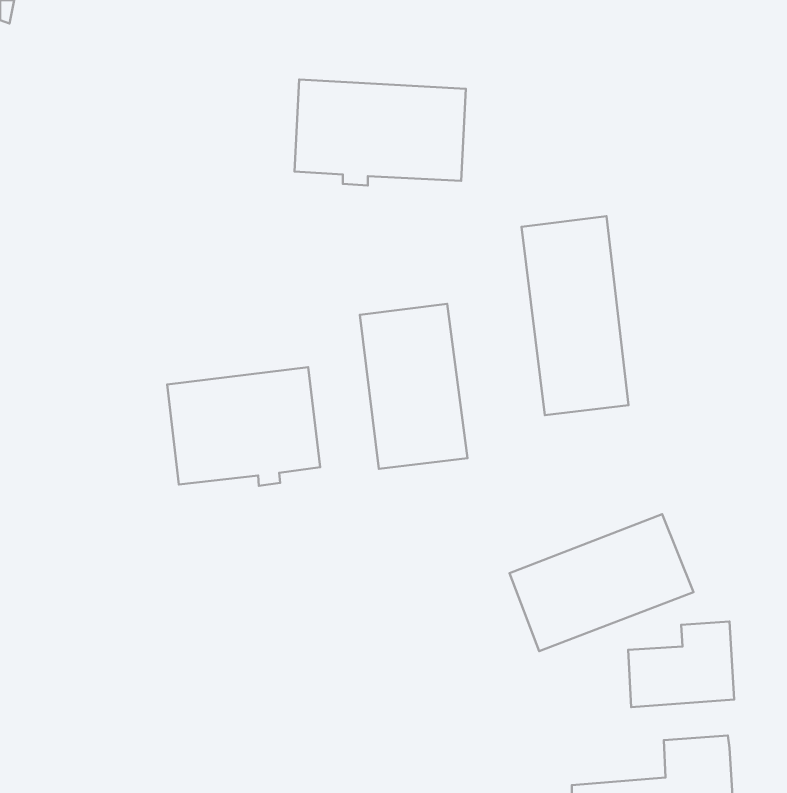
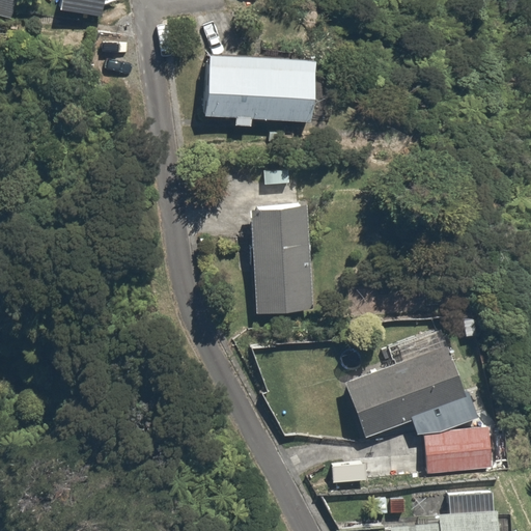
building: [521,216,629,415] -> none
building: [167,367,320,486] -> none

